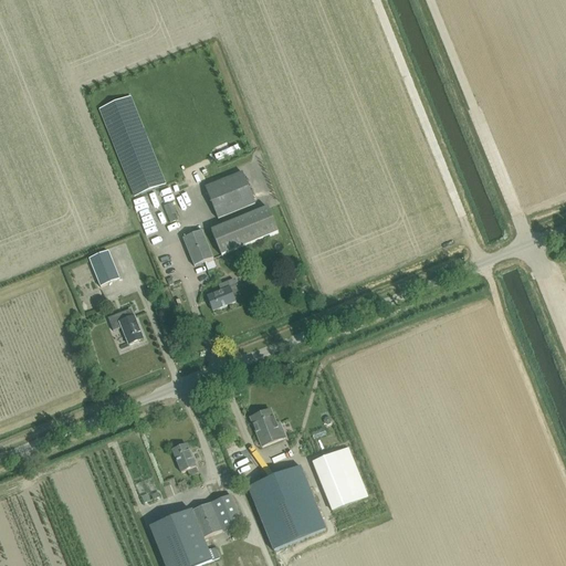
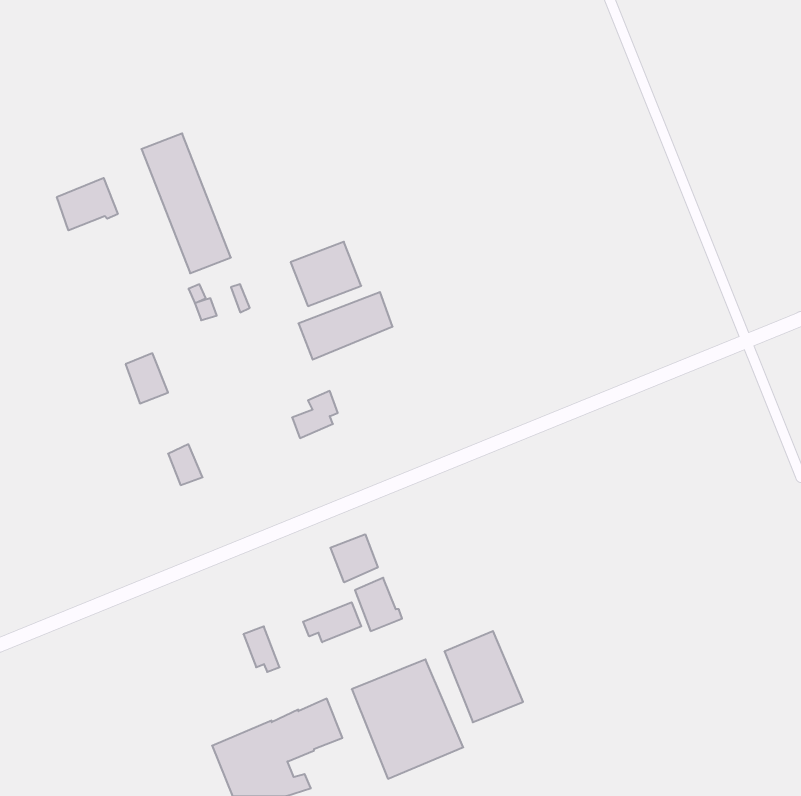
building: none -> [57,178,118,230]
building: [181,228,212,263] -> none
building: none -> [330,534,378,582]
building: none -> [303,602,361,642]

